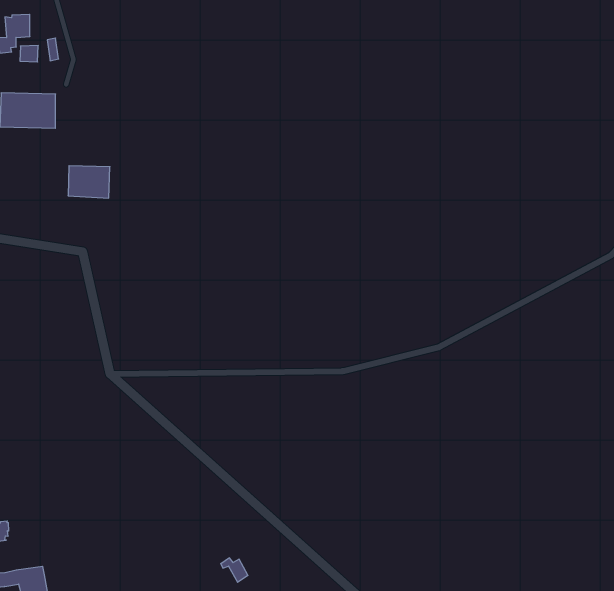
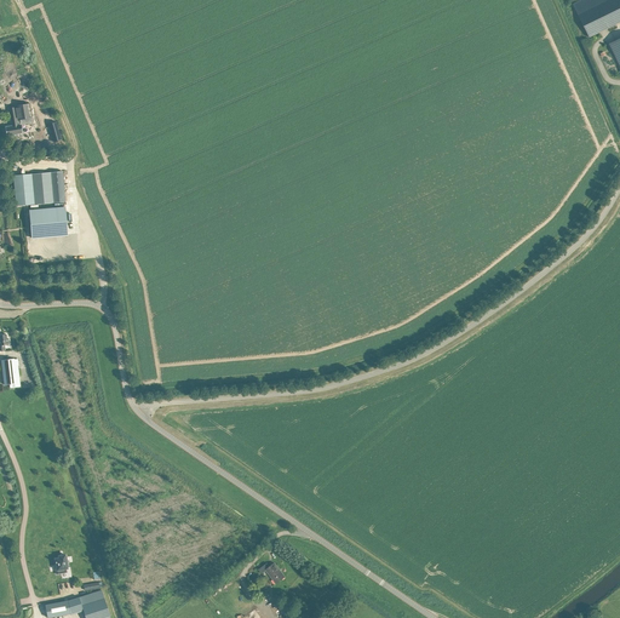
building: [68,166,110,198] -> [29,206,68,236]

